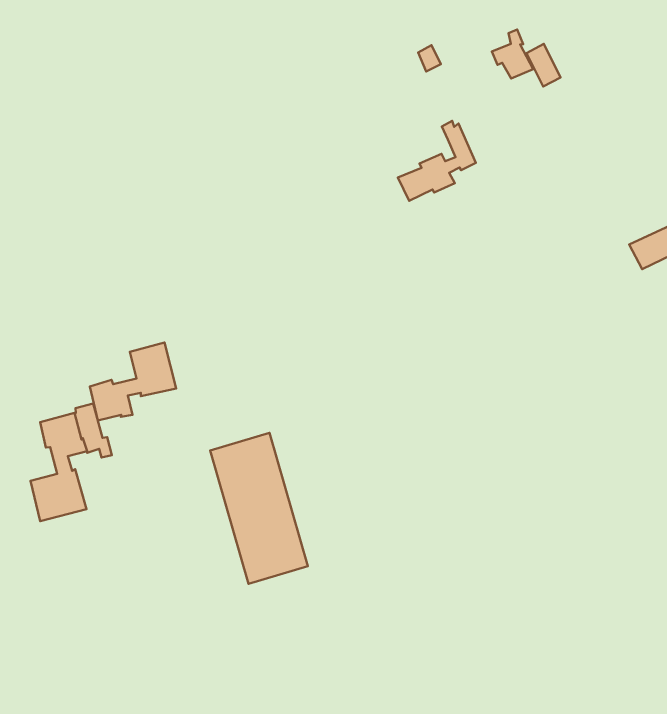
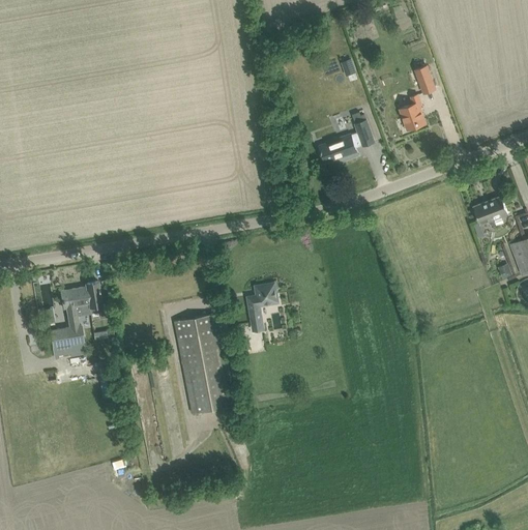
building: [492,29,533,79] -> [399,95,426,128]
building: [90,343,176,421] -> none
building: none -> [247,283,276,324]

